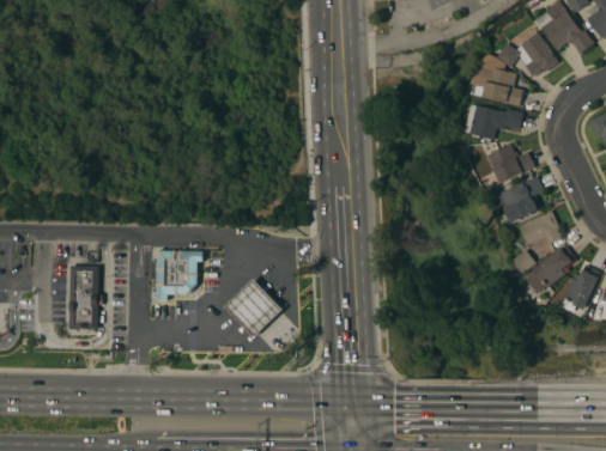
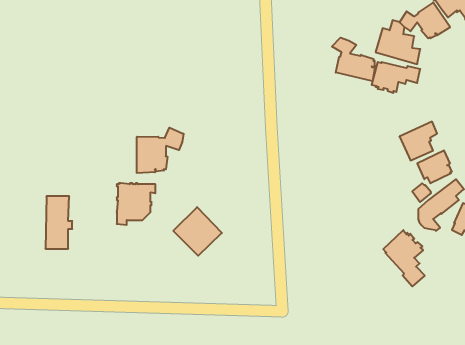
building: none -> [332,38,375,81]
building: [487,144,535,183] -> none
building: none -> [137,128,184,173]
building: none -> [383,230,425,286]

